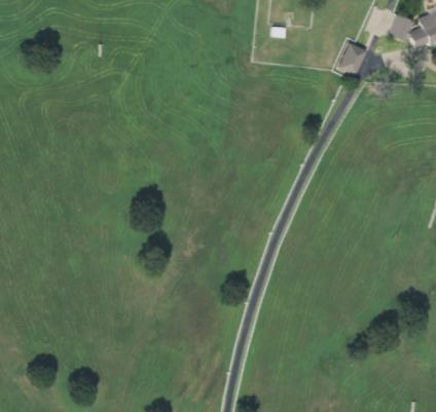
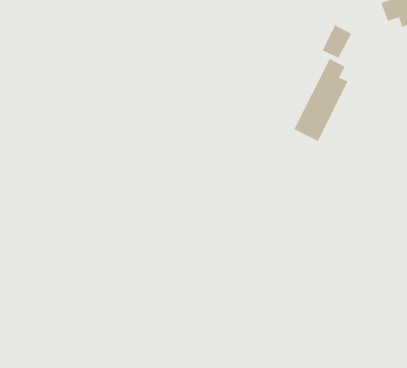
building: none -> [294,58,348,142]

